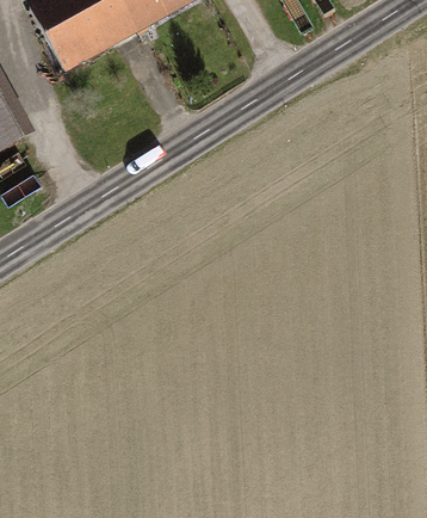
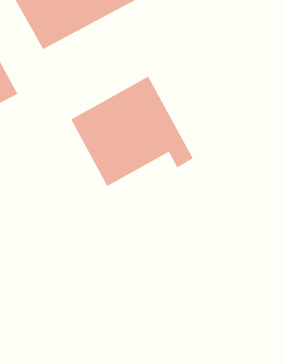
building: none -> [70,75,194,187]

